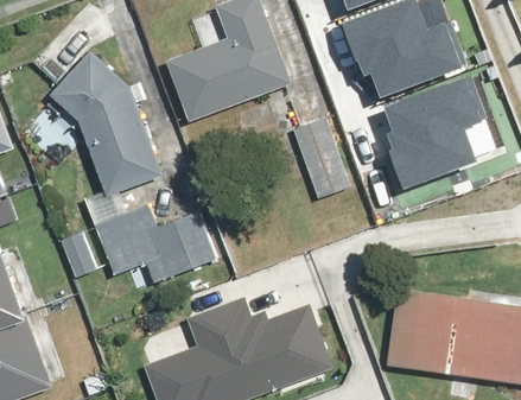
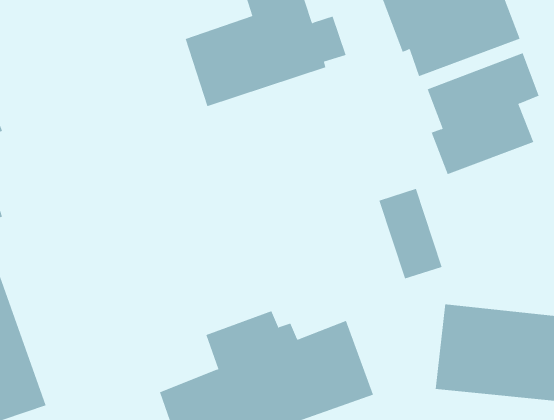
building: [55,56,164,197] -> none
building: [291,120,347,199] -> [379,188,442,279]
building: [96,210,216,288] -> none

